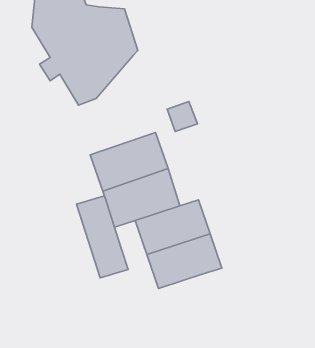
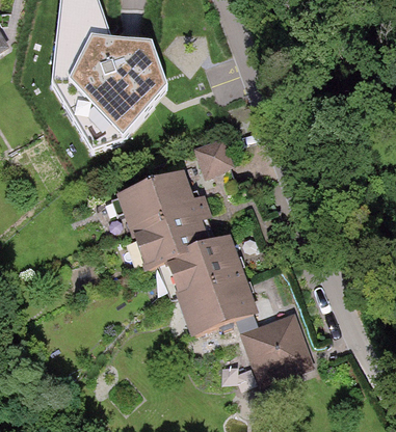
building: [76,196,128,278] -> none
building: none -> [237,308,314,382]

